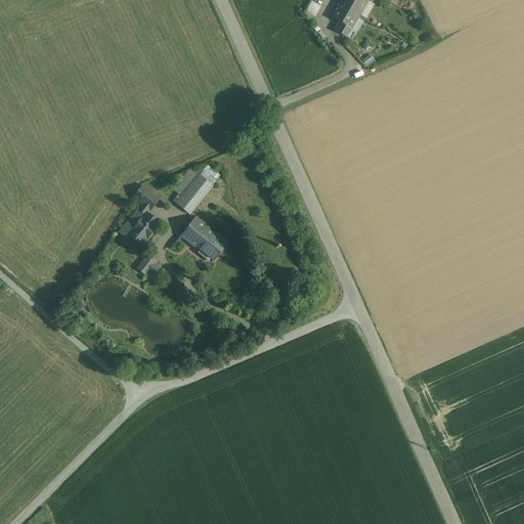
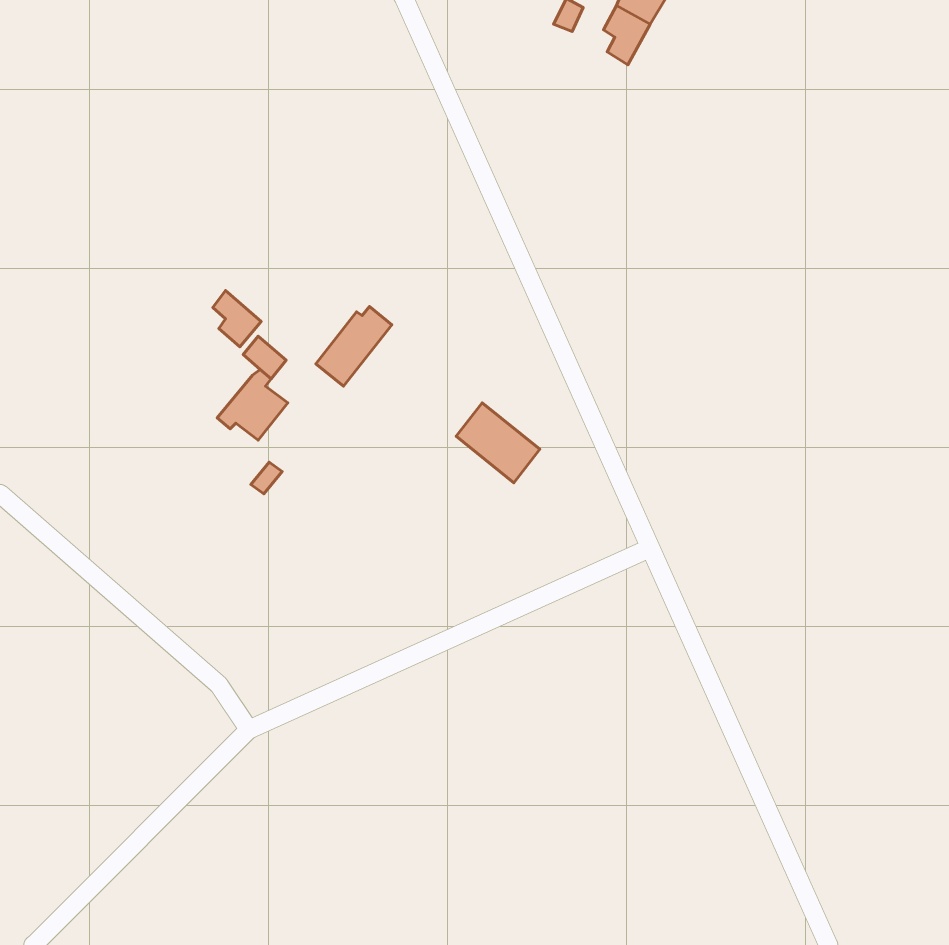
building: none -> [213,291,261,347]
building: [181,216,227,260] -> [456,403,540,483]

